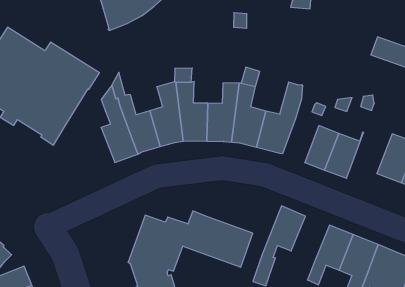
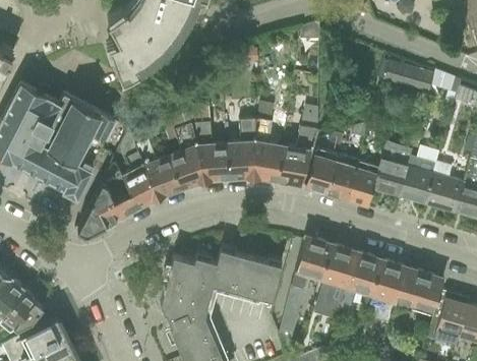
building: none -> [77,159,138,233]
building: none -> [373,141,412,196]
building: none -> [305,147,338,191]
building: none -> [317,244,356,307]

